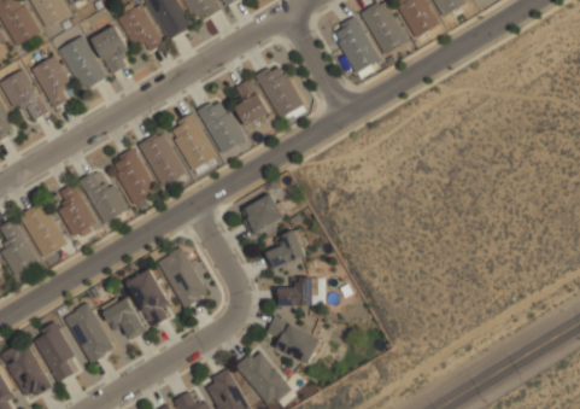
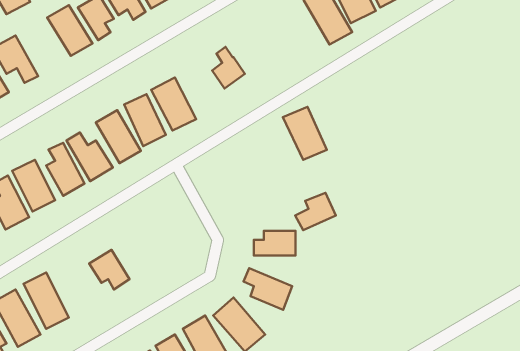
building: [31,55,76,107] -> none
building: [257,63,304,119] -> [283,107,327,160]
building: [198,97,245,152] -> none
building: [239,194,283,233] -> none
building: [265,228,309,268] -> [295,193,336,230]
building: [158,246,209,308] -> none
building: [127,269,176,327] -> none
building: [64,302,116,363] -> none

